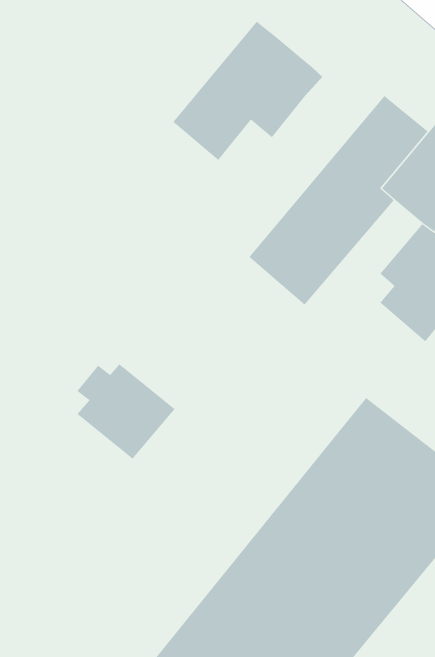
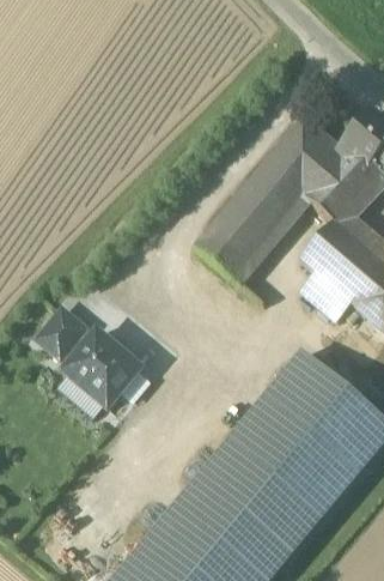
building: [172,21,323,161] -> none
building: none -> [38,308,85,356]

